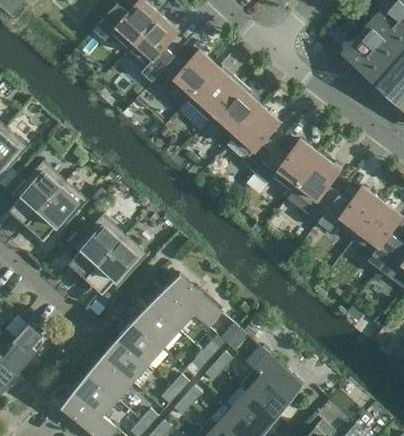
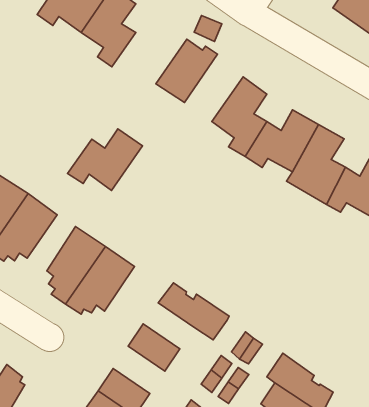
building: [151,51,218,102] -> [68,129,143,190]
building: [209,84,261,141] -> none
building: [149,289,192,331] -> none
building: [118,322,162,365] -> none

